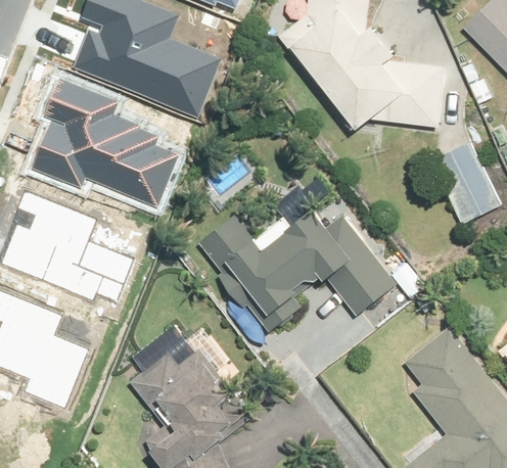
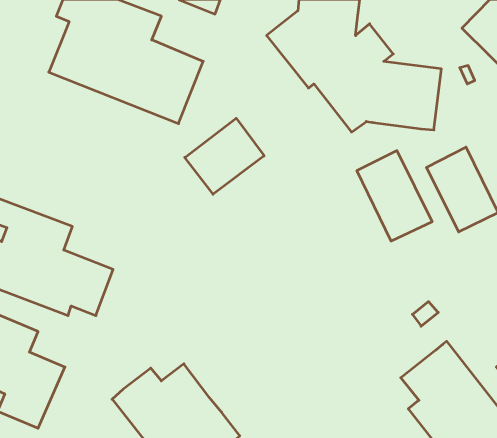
building: [29,80,181,207] -> none
building: none -> [185,118,264,194]
building: none -> [357,151,432,241]
building: [199,209,397,331] -> none

